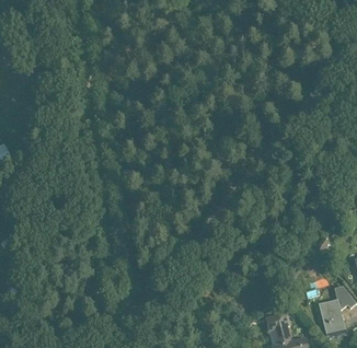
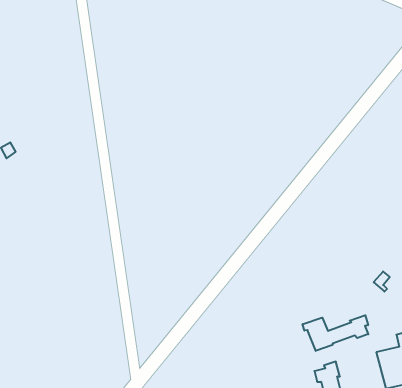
building: none -> [303,315,368,351]

